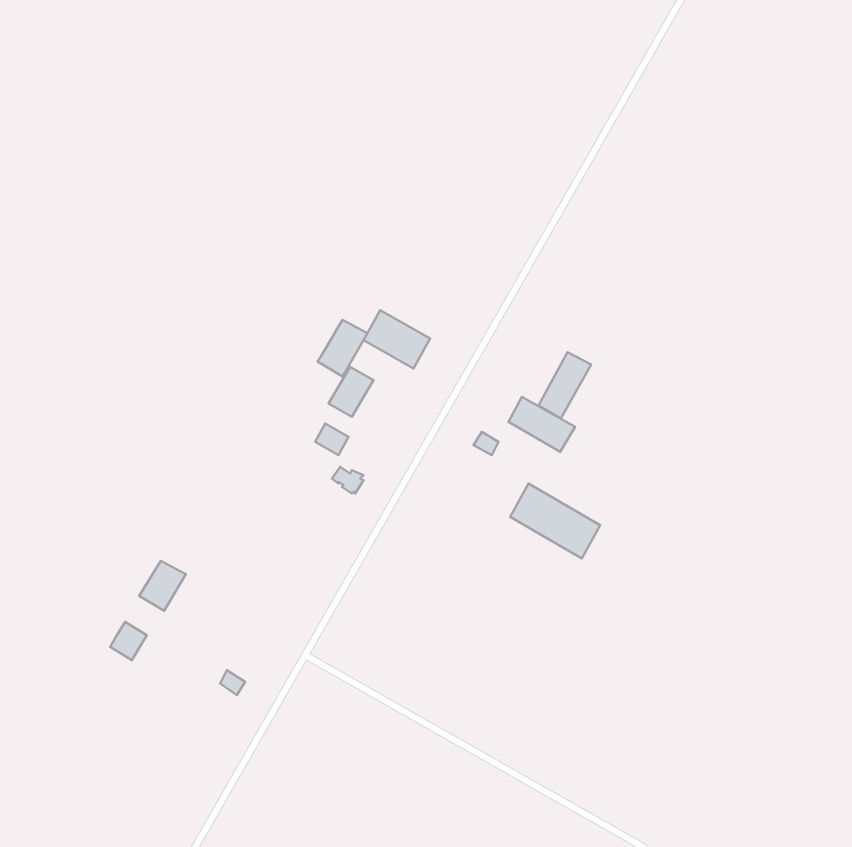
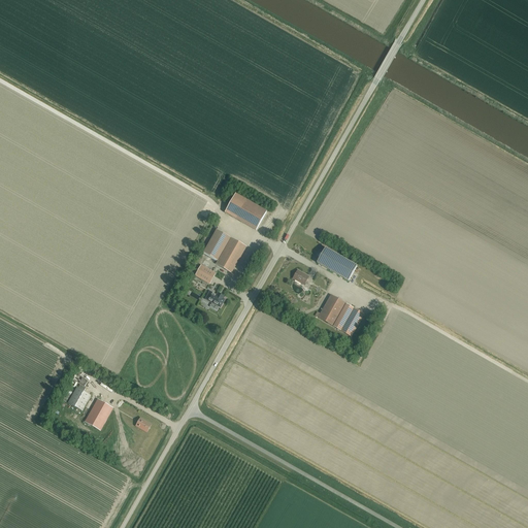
building: [317,320,367,376] -> [216,235,246,270]
building: [539,352,591,419] -> none
building: [139,561,186,611] -> [85,397,113,428]

